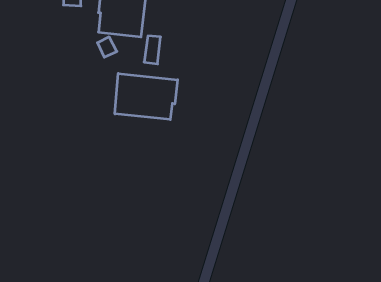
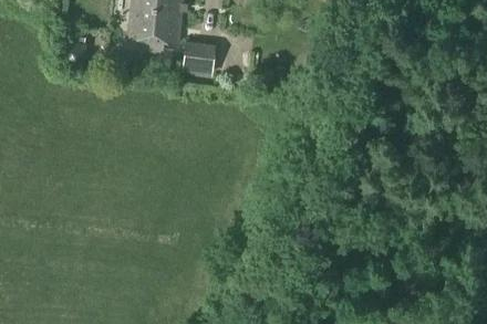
building: [115,73,178,120] -> none

